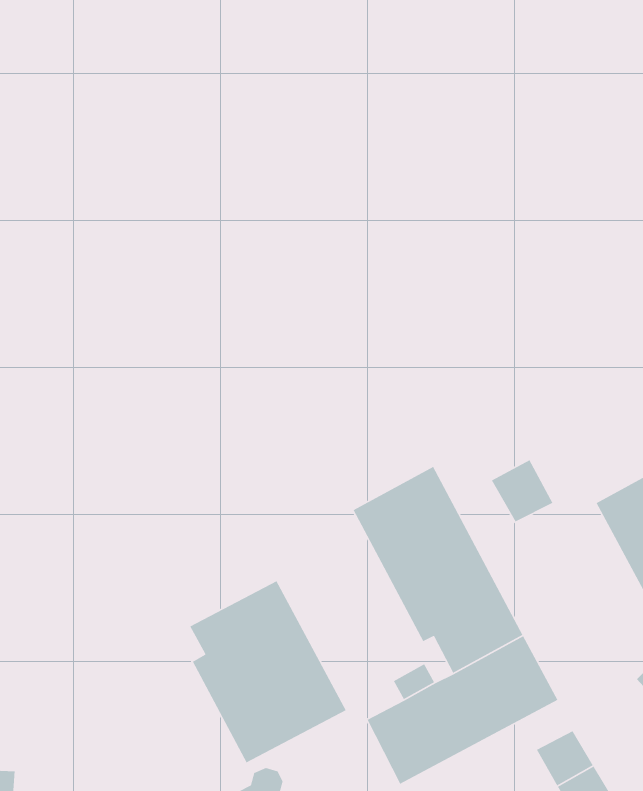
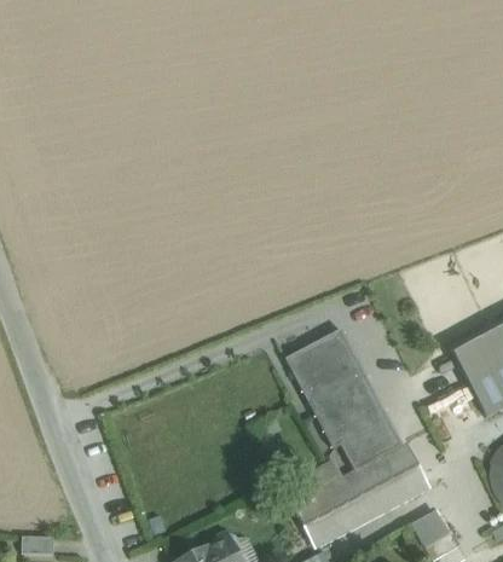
building: [491,459,554,523] -> none
building: [189,580,347,763] -> none

